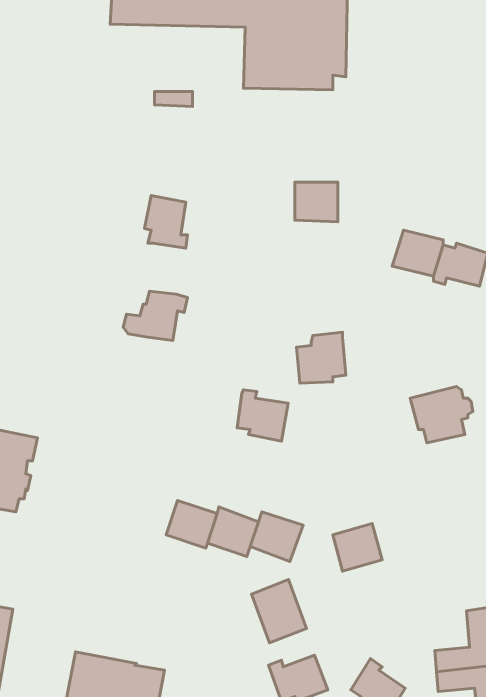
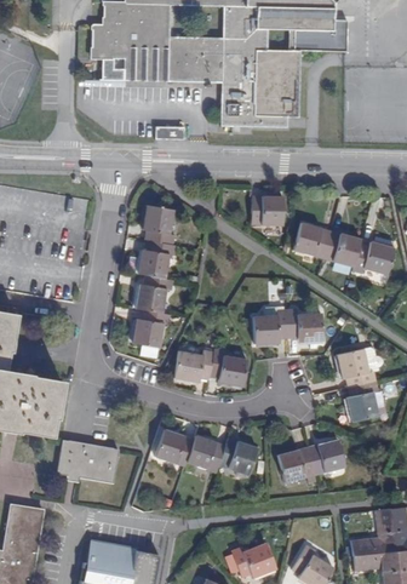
building: none -> [294,222,332,257]
building: none -> [138,240,174,277]
building: none -> [287,308,323,340]
building: none -> [133,309,171,356]
building: none -> [174,349,213,380]
building: none -> [346,380,379,420]
building: none -> [57,437,119,482]
building: none -> [309,439,344,473]
building: [251,580,306,643] -> none

